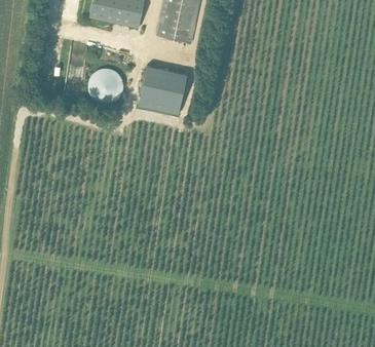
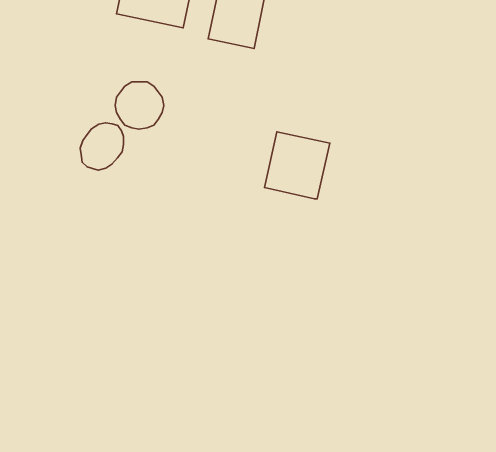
building: [139,65,187,114] -> [264,132,330,199]
building: none -> [80,123,124,170]

